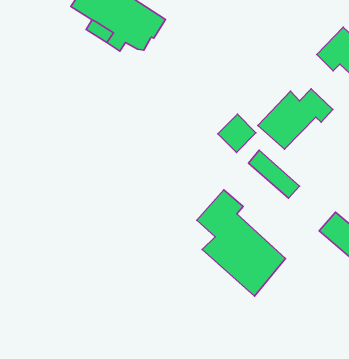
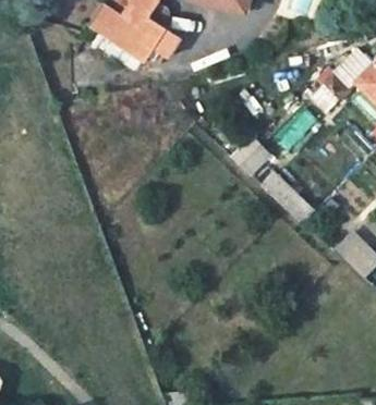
building: [258,89,333,149] -> none
building: [197,190,285,296] -> none

